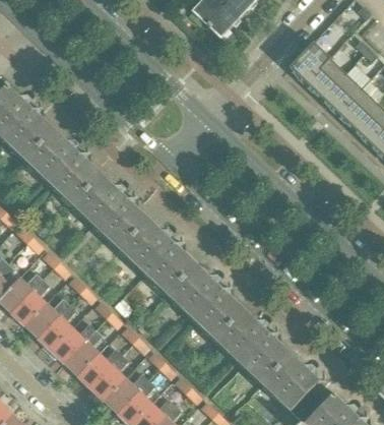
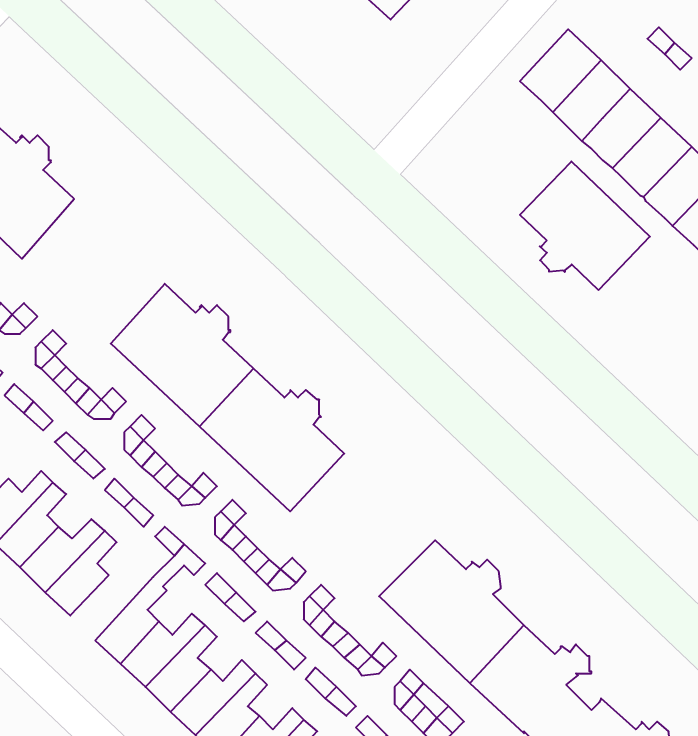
building: none -> [520,161,650,290]
building: [26,130,102,206] -> none
building: [168,264,244,340] -> none
building: [52,323,95,363] -> none

